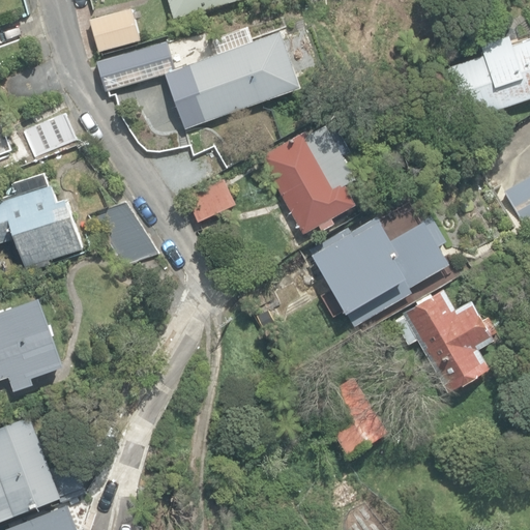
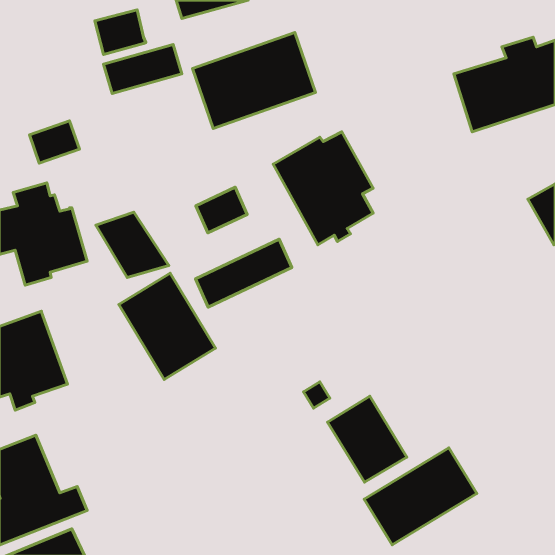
building: [307,218,448,326] -> none
building: none -> [195,239,292,307]
building: none -> [119,273,216,380]
building: [393,290,496,391] -> none
building: none -> [364,448,477,545]

